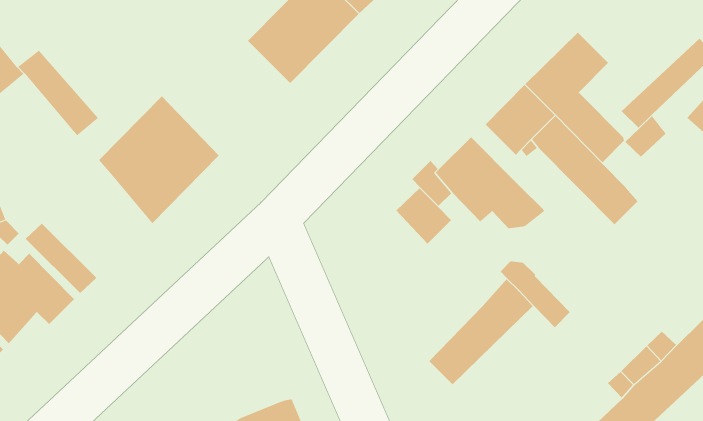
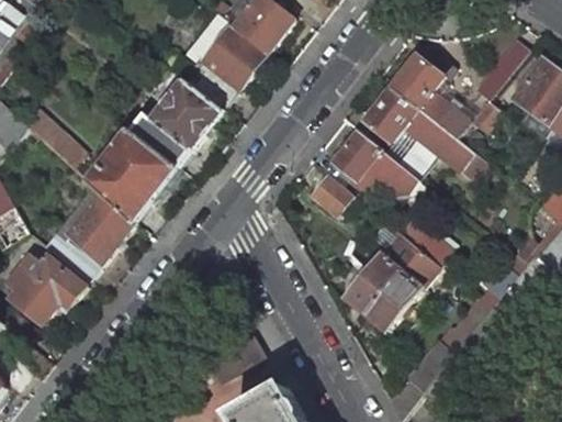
building: none -> [126,79,218,167]
building: none -> [65,192,131,263]
building: none -> [363,248,436,331]

